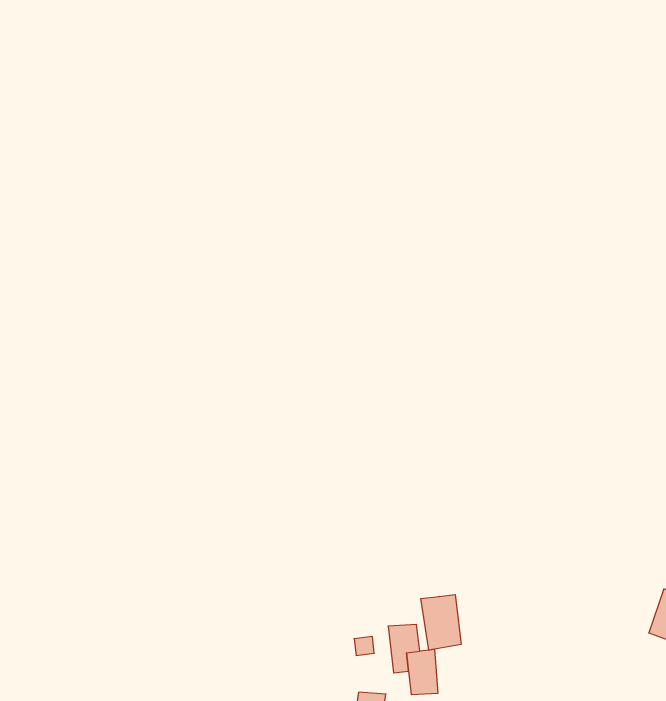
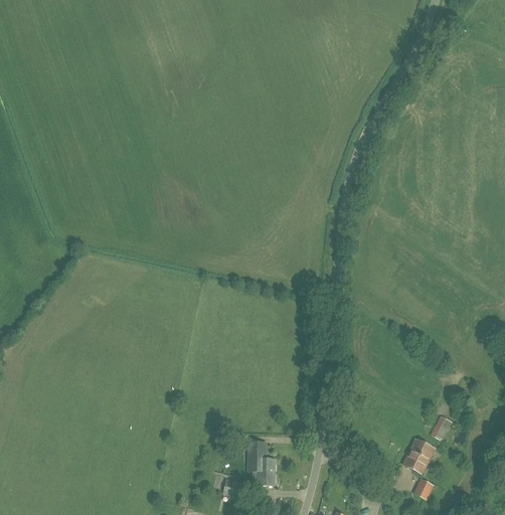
building: [421,595,461,650] -> none

